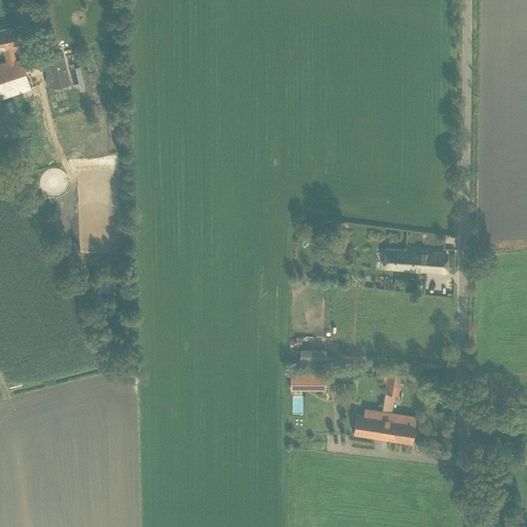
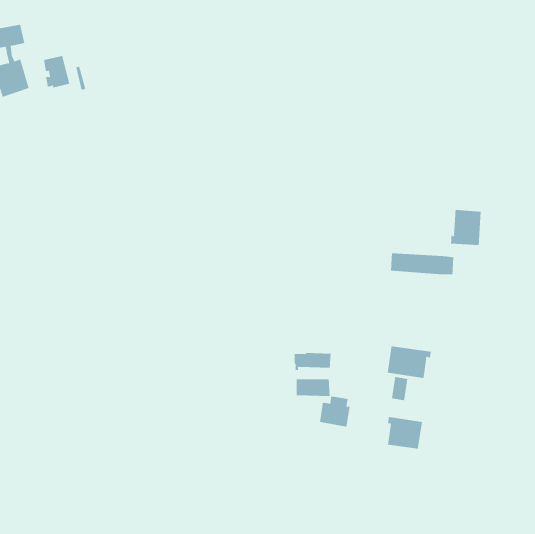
building: none -> [450,209,481,246]
building: none -> [387,345,431,379]
building: [352,406,383,436] -> [319,396,350,427]

